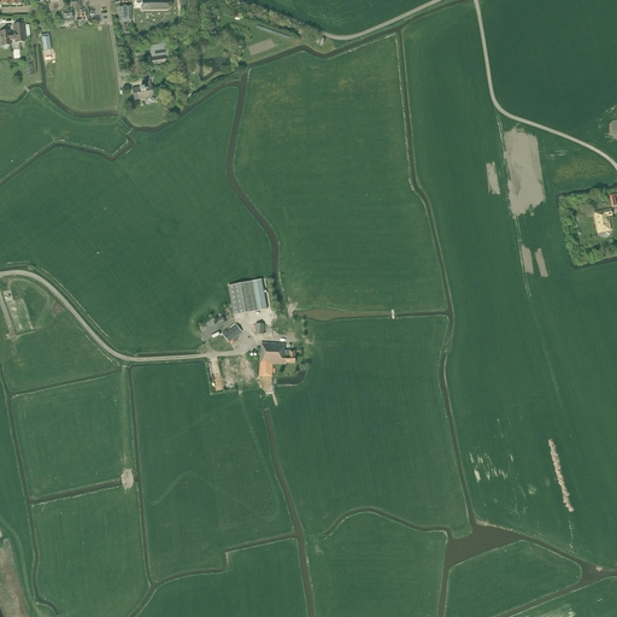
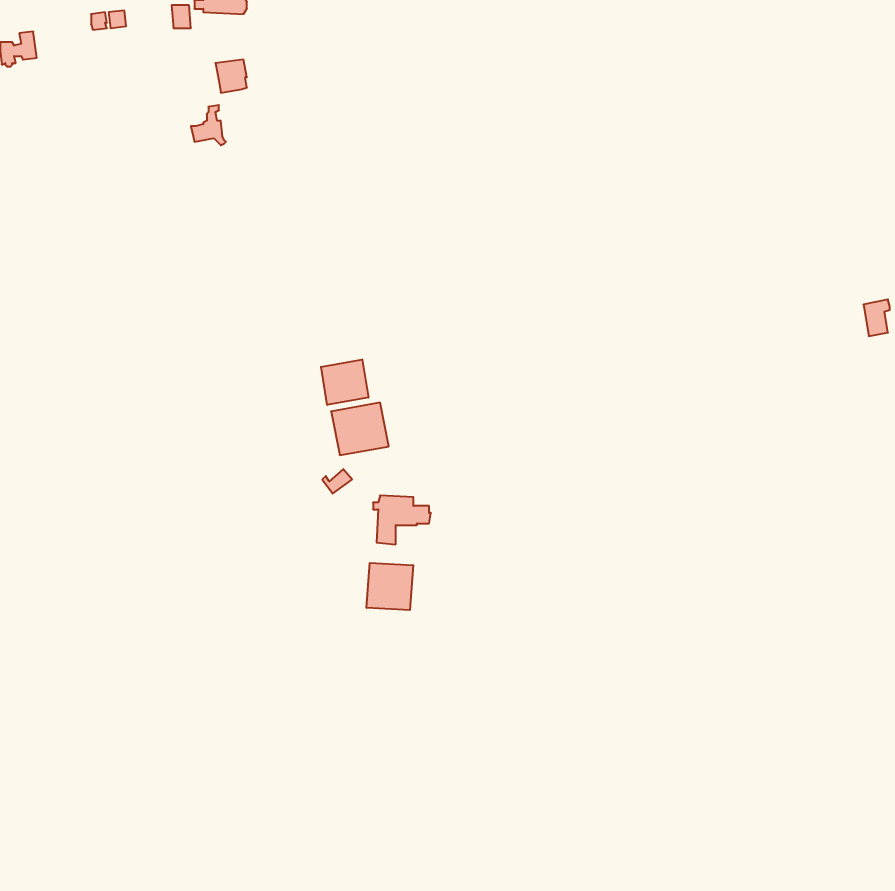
building: none -> [321,359,368,405]
building: none -> [367,563,413,610]

